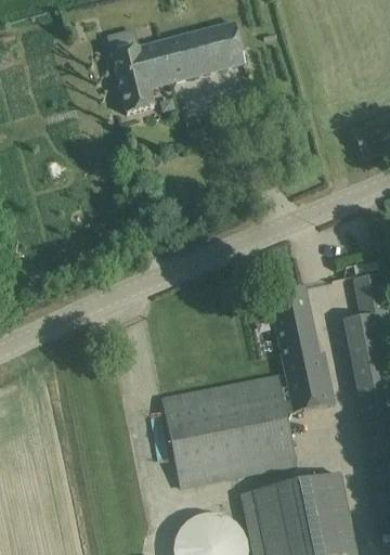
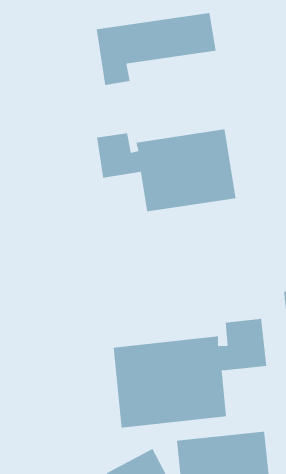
building: none -> [96,129,236,212]
building: [268,286,317,360] -> none

